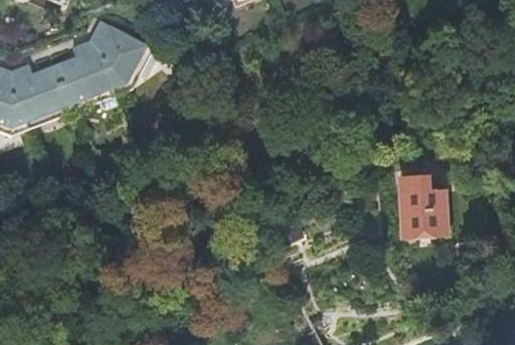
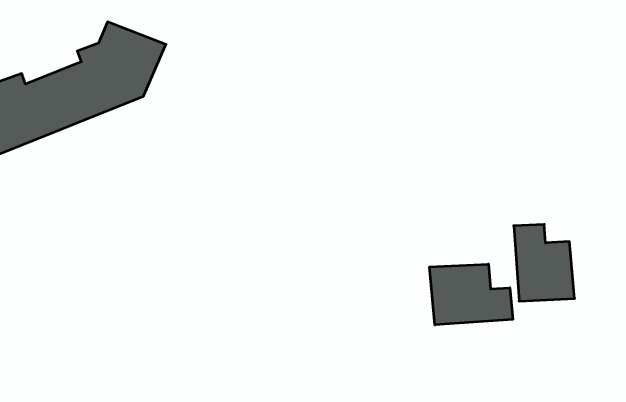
building: none -> [430,264,513,325]

